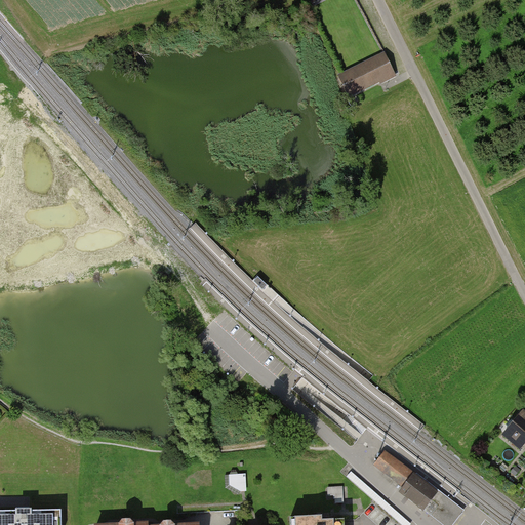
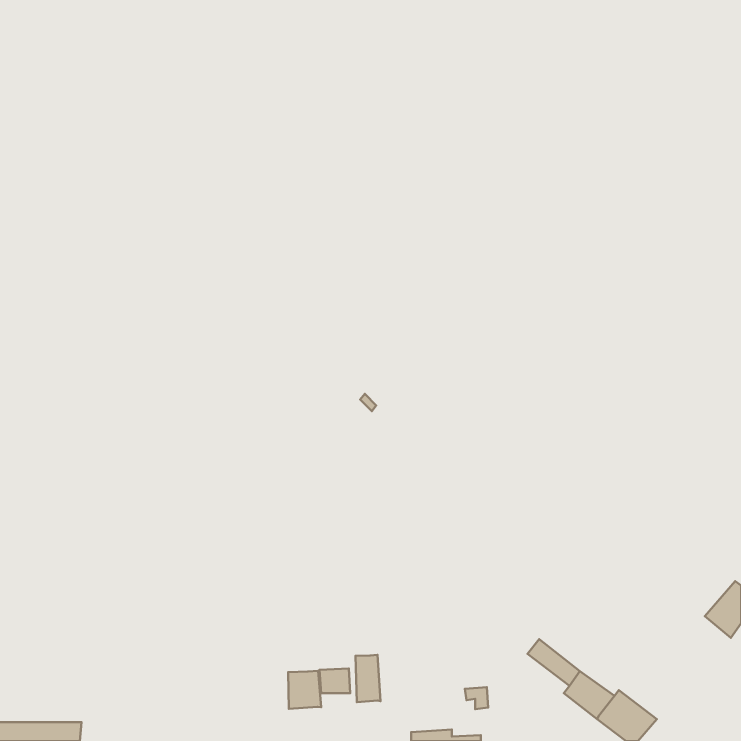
building: [341,54,398,99] -> none
building: none -> [355,655,381,702]
building: none -> [288,671,321,709]

